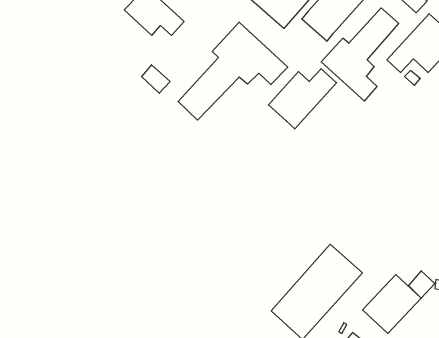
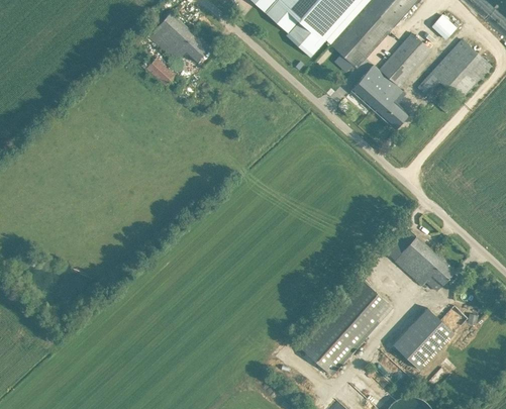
building: [178,22,288,120] -> none
building: [142,65,170,93] -> [145,56,175,85]
building: [268,69,337,129] -> none
building: none -> [384,227,453,290]

